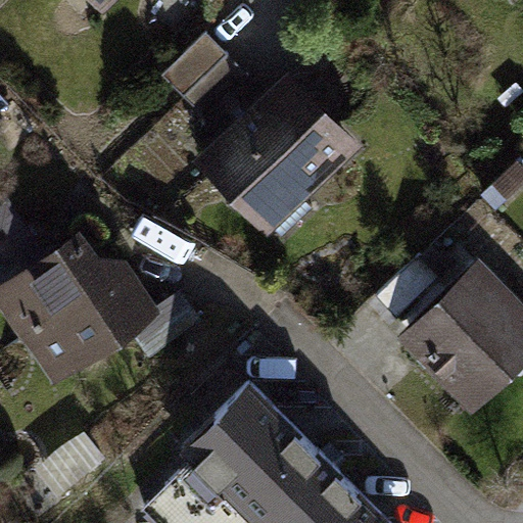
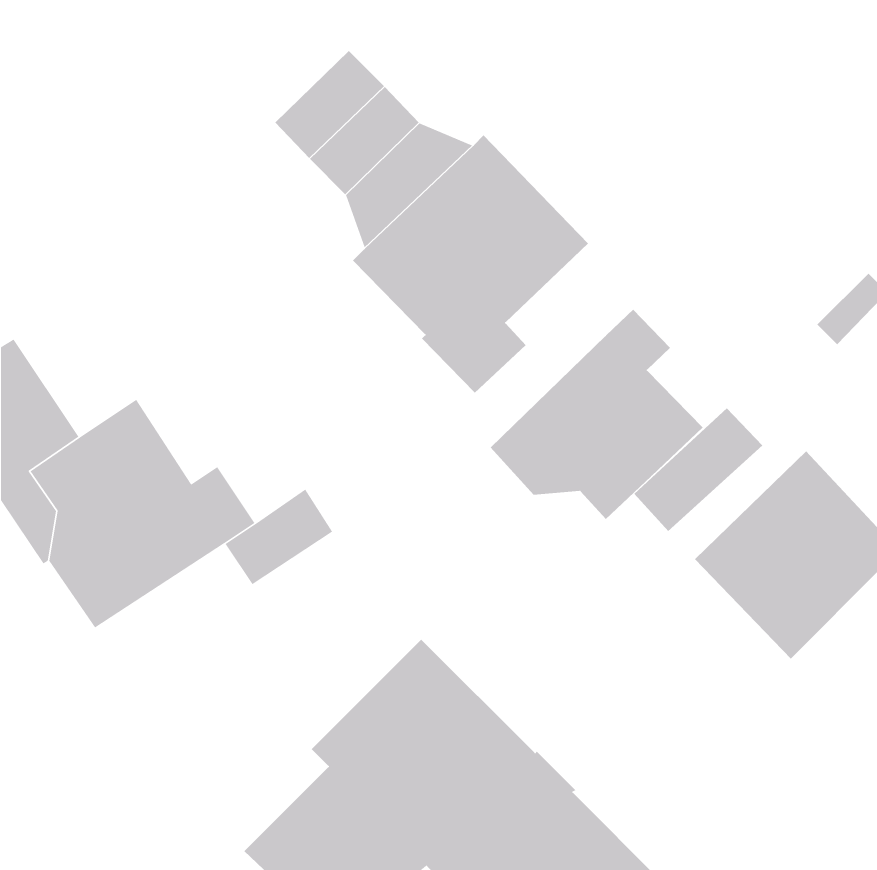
building: none -> [490,309,703,520]

